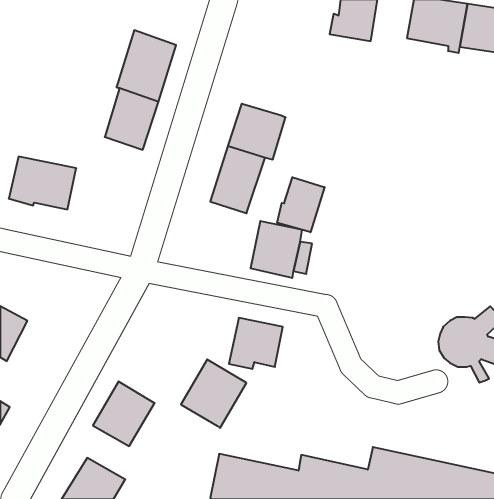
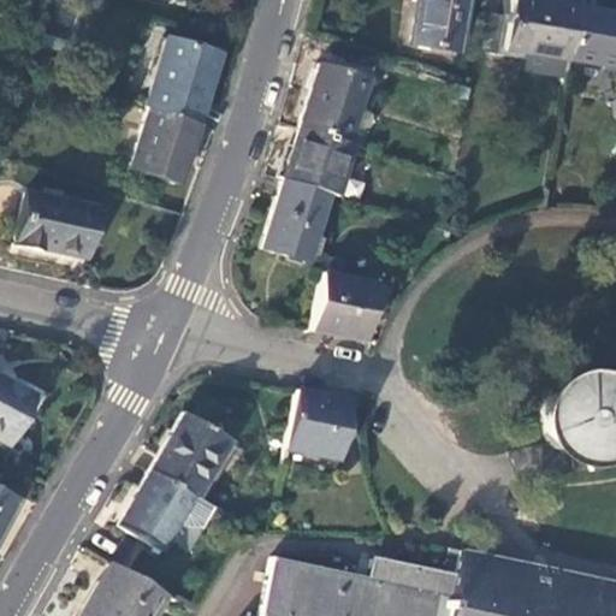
building: none -> [304,64,372,142]
building: [277,177,325,232] -> none
building: [181,359,246,428] -> [153,414,233,498]

